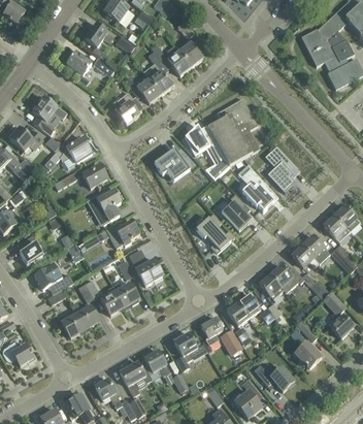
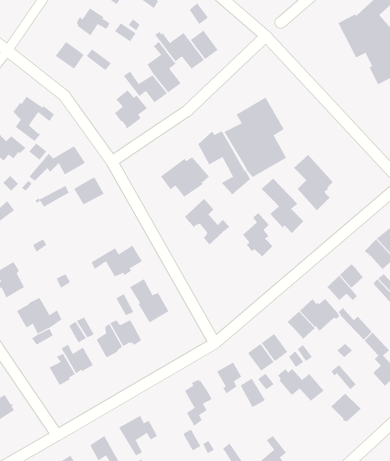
building: [85,190,121,225] -> none
building: [196,214,234,253] -> [184,198,230,245]
building: [143,351,170,377] -> none
building: [255,363,294,391] -> [277,368,324,402]

